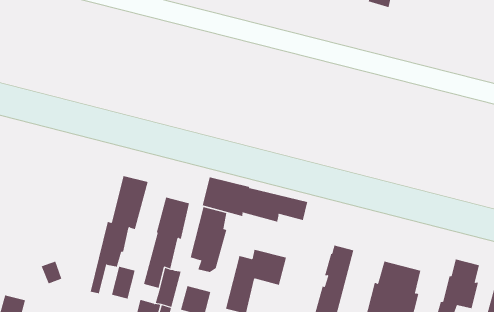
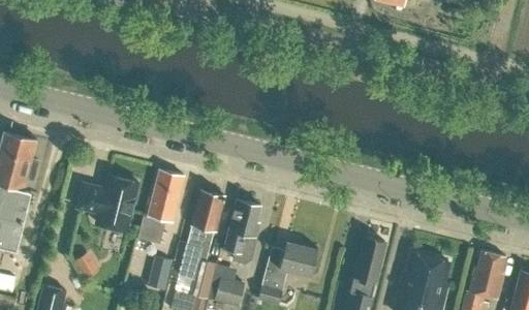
building: [202,176,308,222] -> none
building: none -> [76,176,138,231]

